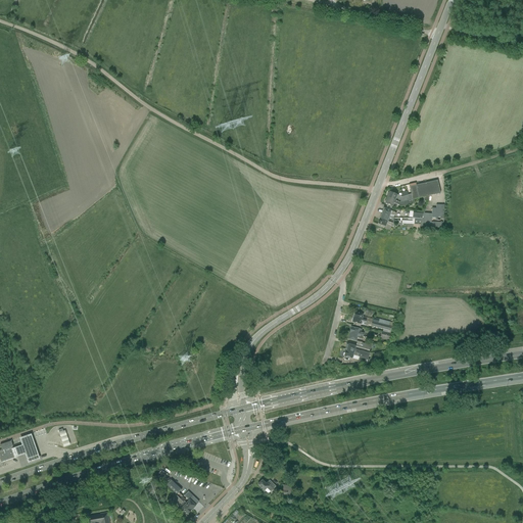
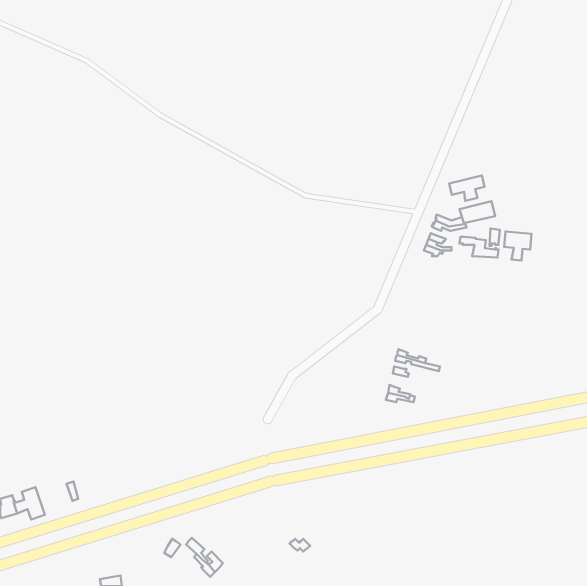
building: none -> [449,175,485,201]
building: none -> [504,231,532,261]

